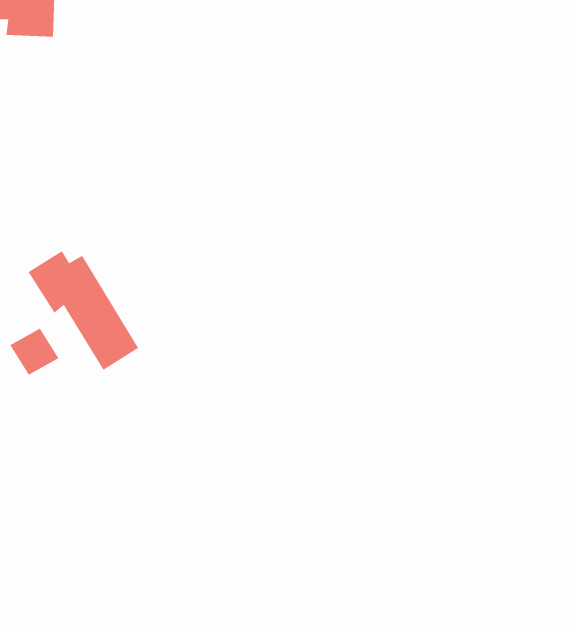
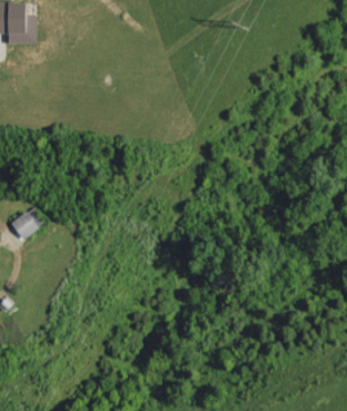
building: [28,250,139,371] -> none

